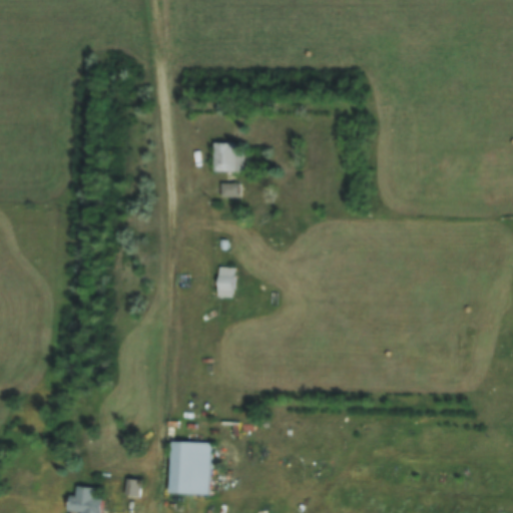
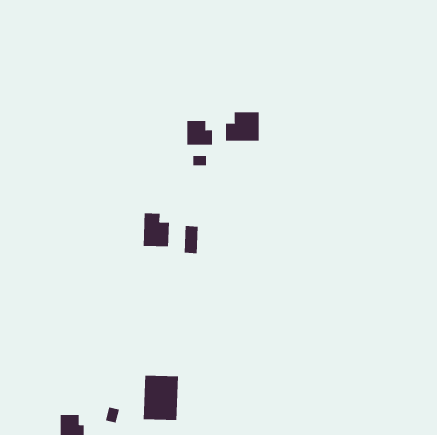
building: none -> [226,111,259,142]
building: none -> [143,213,169,247]

